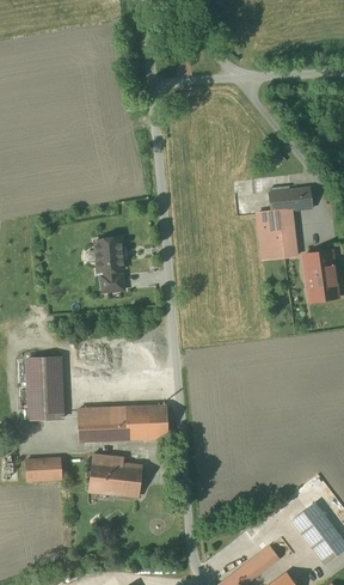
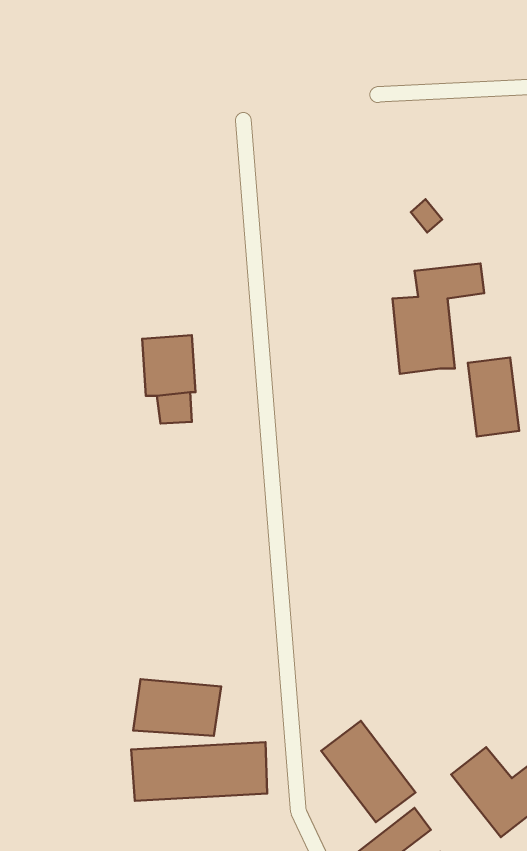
building: [23,358,60,420] -> none
building: [78,404,166,443] -> [131,742,267,801]
building: [26,458,61,481] -> none
building: none -> [321,721,415,822]

